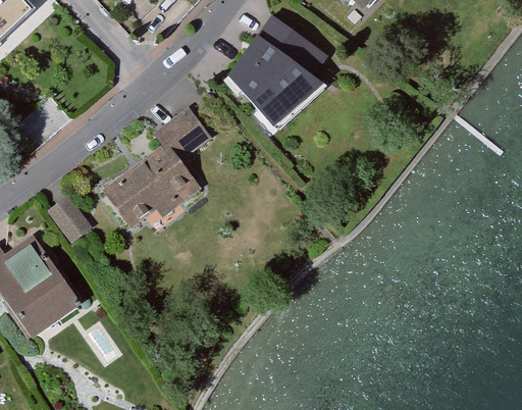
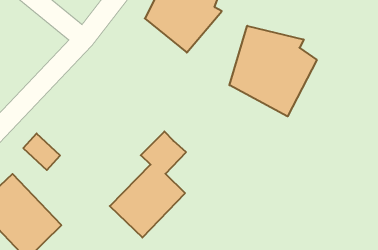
building: none -> [229,26,317,116]
building: [105,110,209,236] -> [110,131,186,238]

